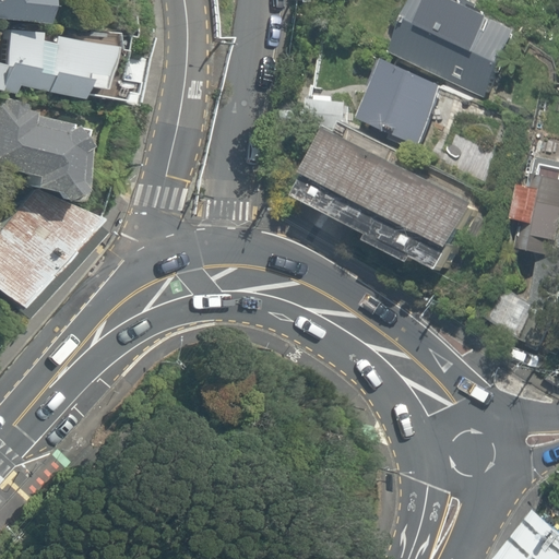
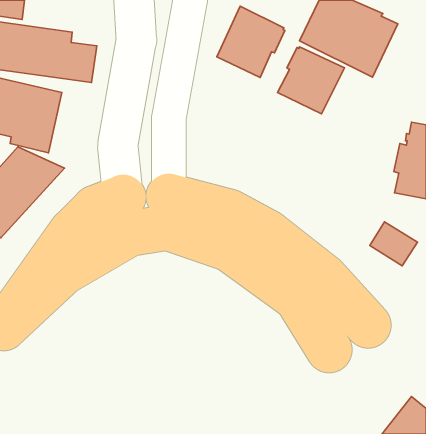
building: none -> [217,6,285,78]
building: [299,123,475,272] -> none

